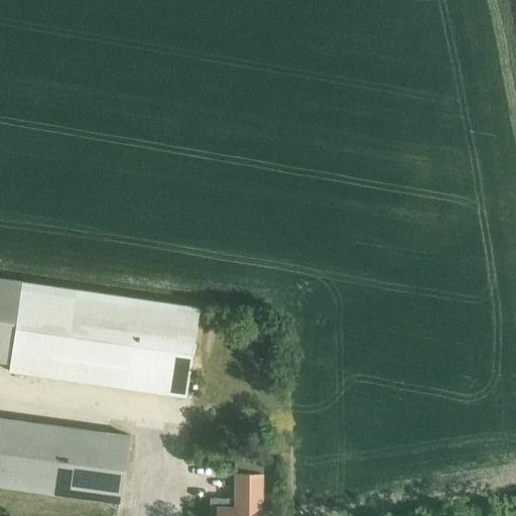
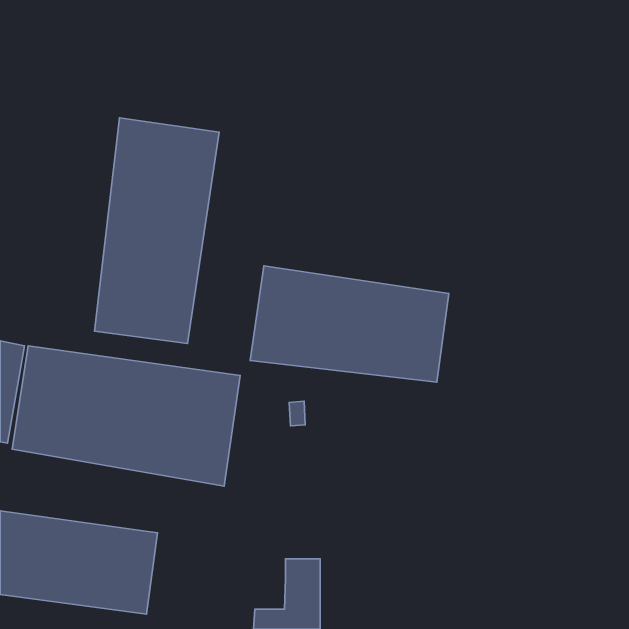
building: none -> [94,118,219,344]
building: none -> [250,266,449,382]

